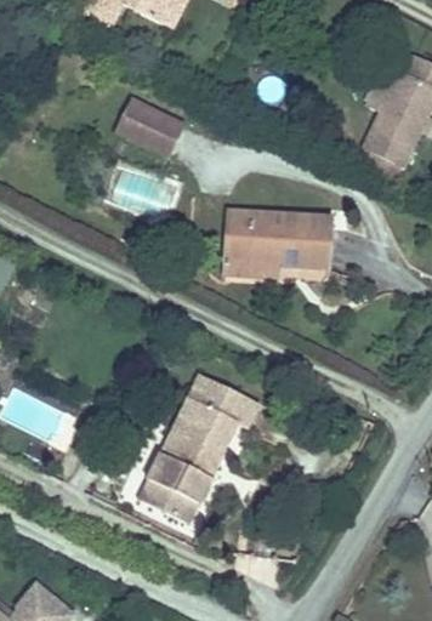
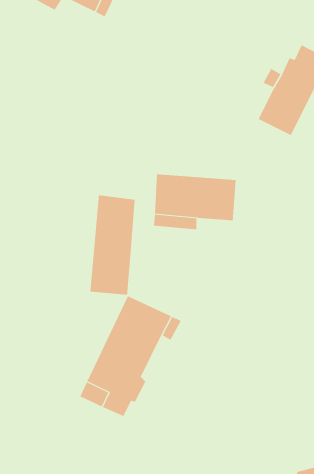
building: [109,102,169,152] -> none
building: none -> [90,195,135,295]

